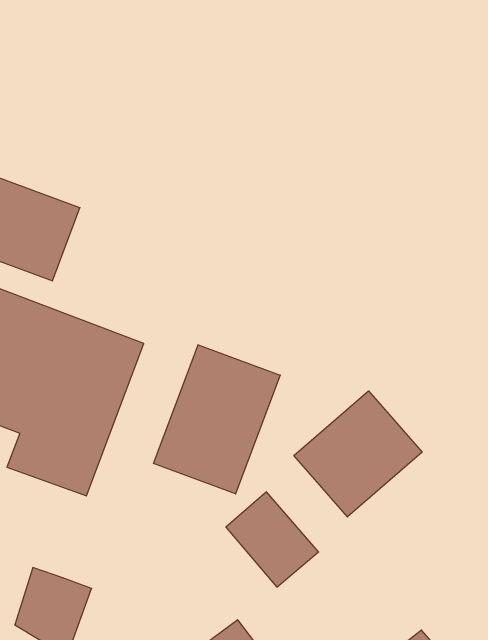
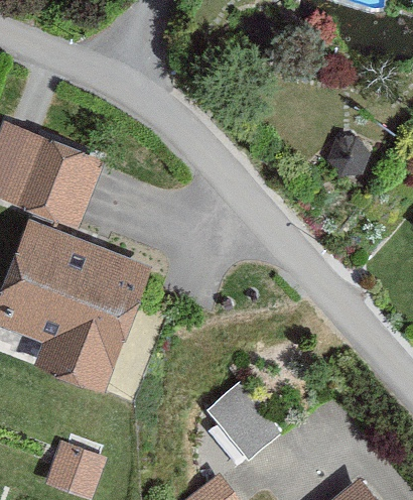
building: [154,345,280,494] -> none
building: [294,391,422,517] -> none

